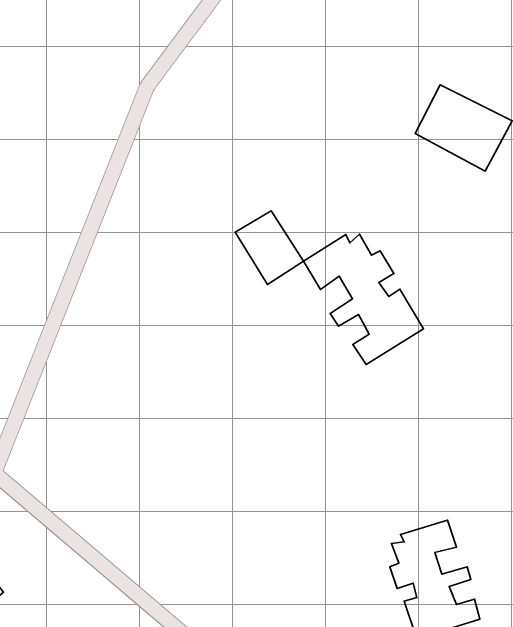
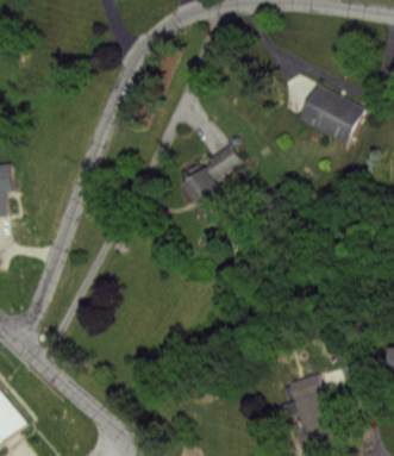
building: none -> [200,145,238,181]
building: [304,234,424,364] -> none

